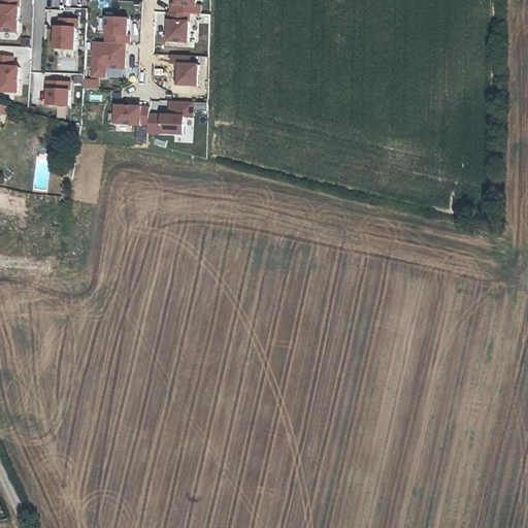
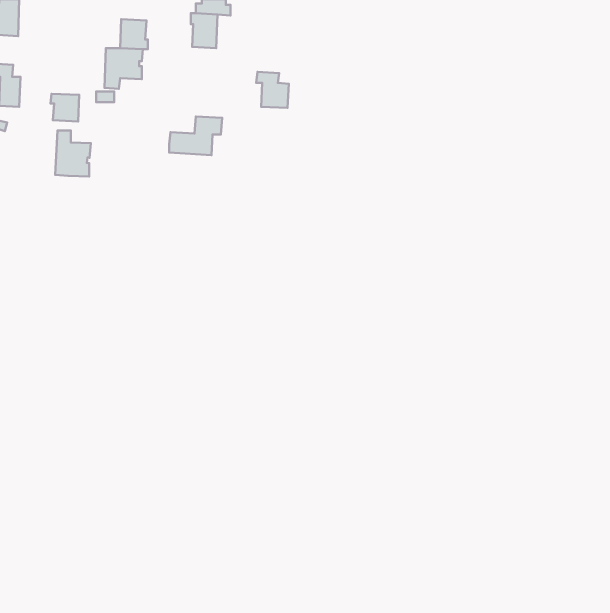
building: [53,18,76,48] -> none
building: [168,54,196,85] -> [256,72,289,108]
building: [112,105,146,124] -> none
building: none -> [55,130,91,177]

